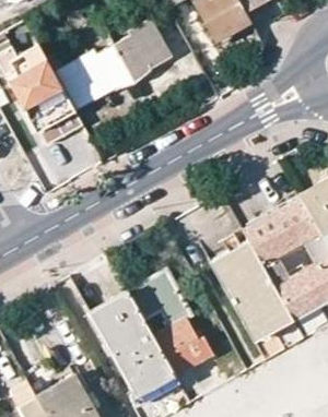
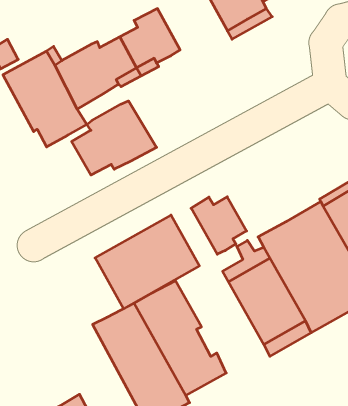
building: none -> [72,101,157,175]
building: none -> [191,197,247,254]
building: none -> [95,215,199,309]

